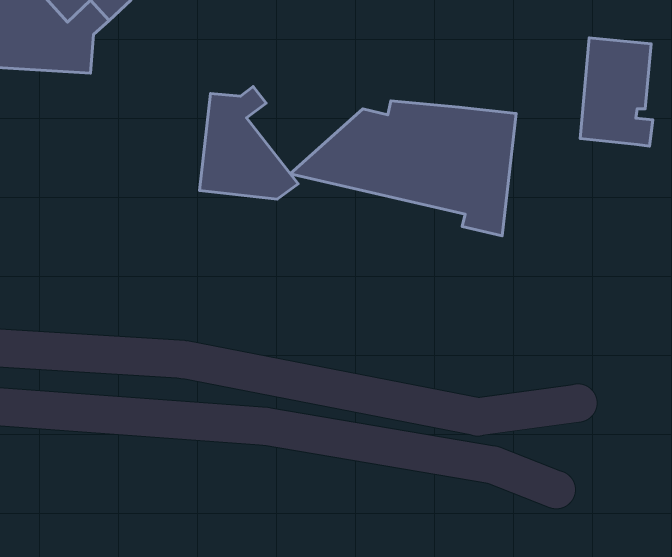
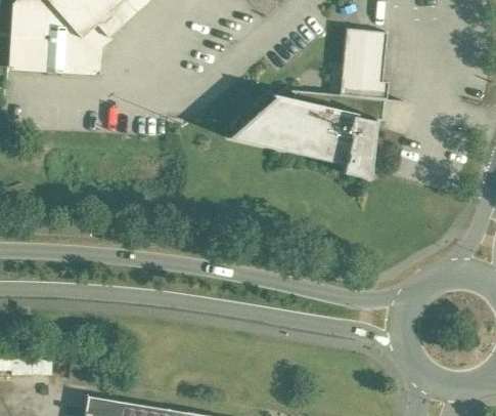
building: [580,38,653,146] -> [341,29,389,100]
building: [199,86,298,199] -> none

